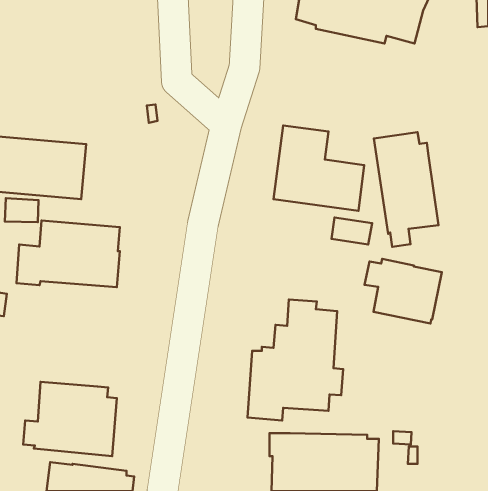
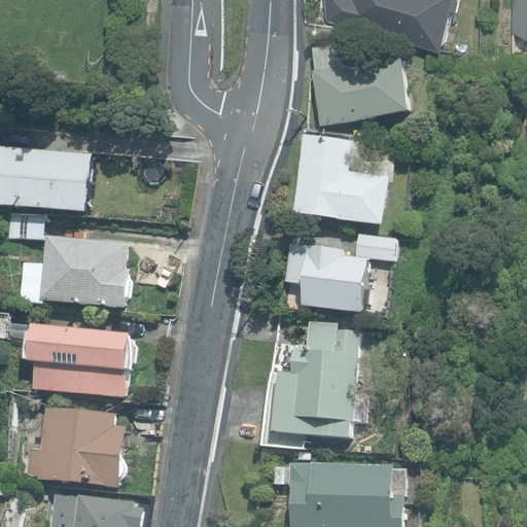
building: none -> [308,44,412,126]
building: [374,132,439,247] -> none
building: [365,259,442,323] -> [288,246,371,315]
building: none -> [26,325,133,398]

